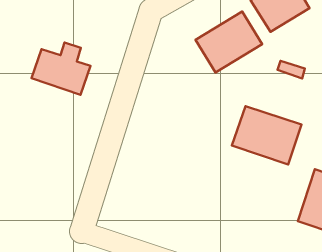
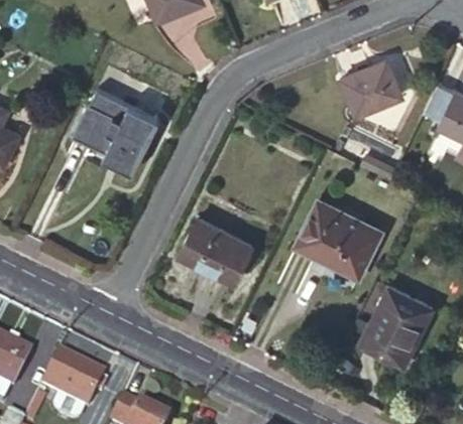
building: [196,12,262,72] -> none
building: none -> [181,217,254,280]

